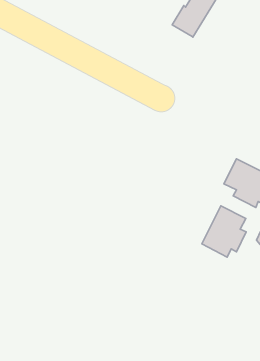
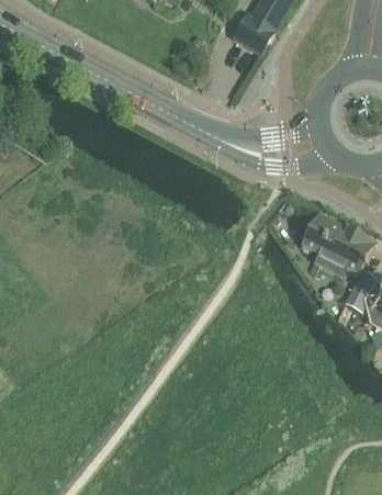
building: [202,206,246,257] -> none

